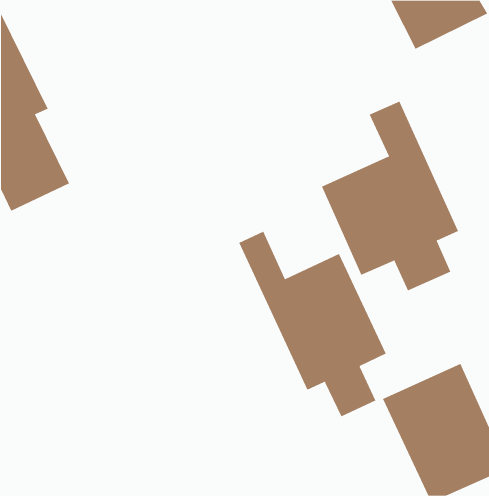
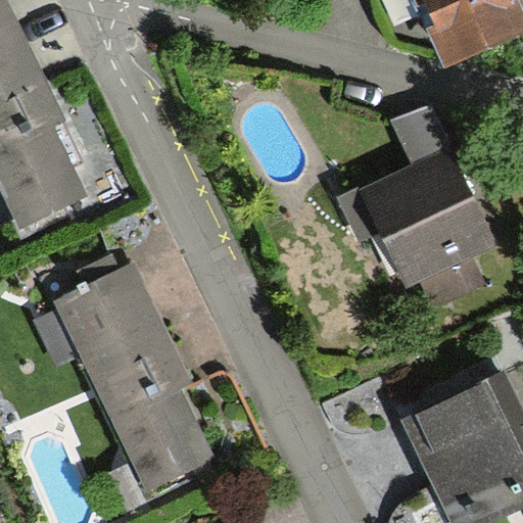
building: [239,231,387,417] -> none
building: none -> [42,259,210,487]

